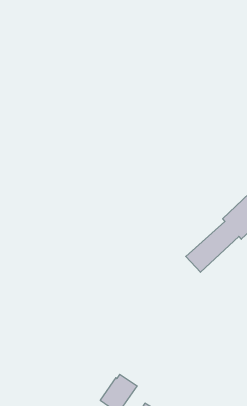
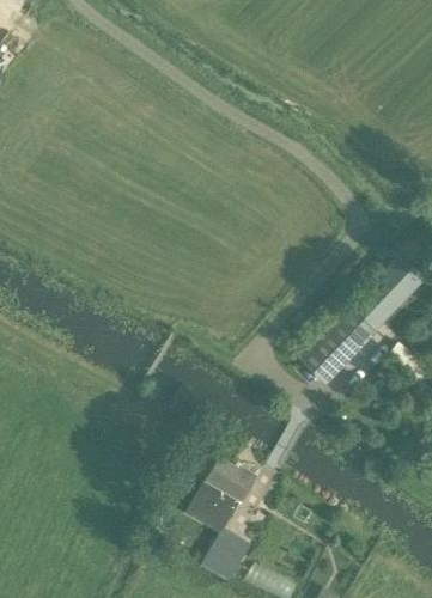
building: none -> [187,457,256,536]

